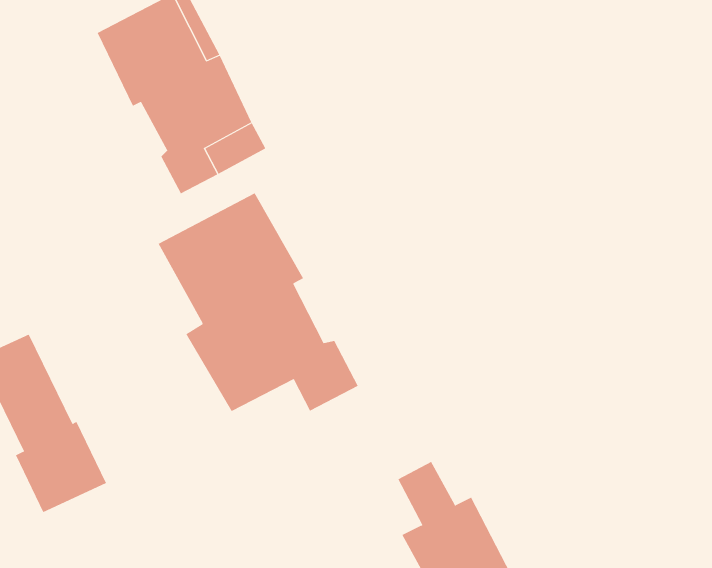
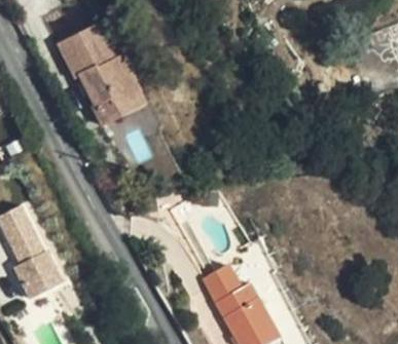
building: [158,192,358,412] -> none

